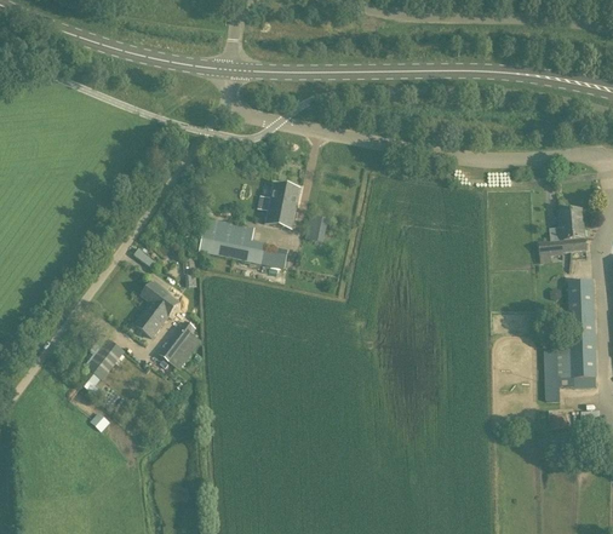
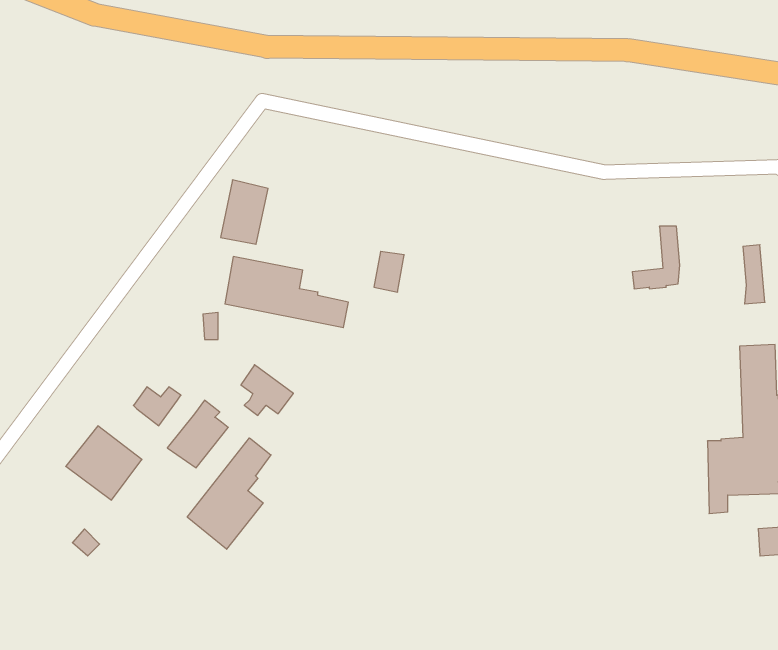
building: [265,182,299,228] -> [221,180,268,244]
building: [538,209,572,254] -> [632,226,680,289]
building: [141,281,178,317] -> [241,365,293,415]
building: none -> [187,438,271,549]

